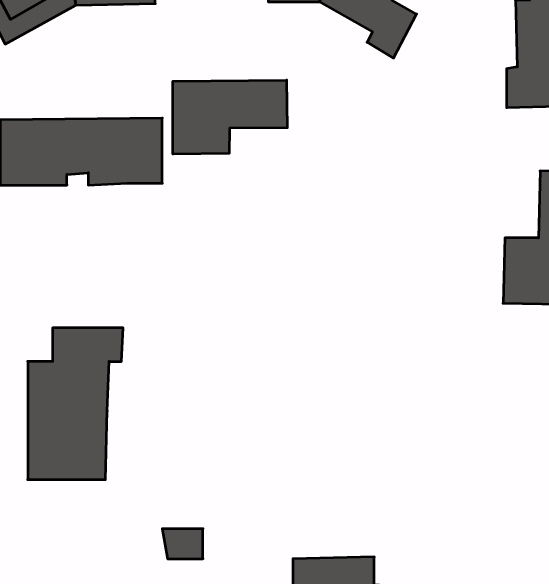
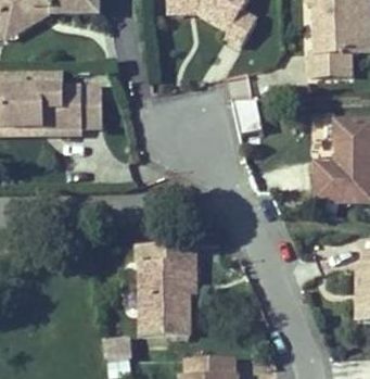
building: [173,80,287,154] -> none
building: [28,328,123,480] -> [141,241,200,334]

